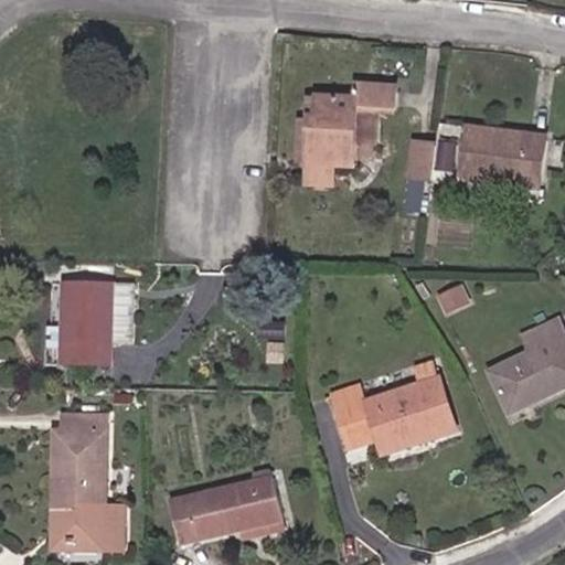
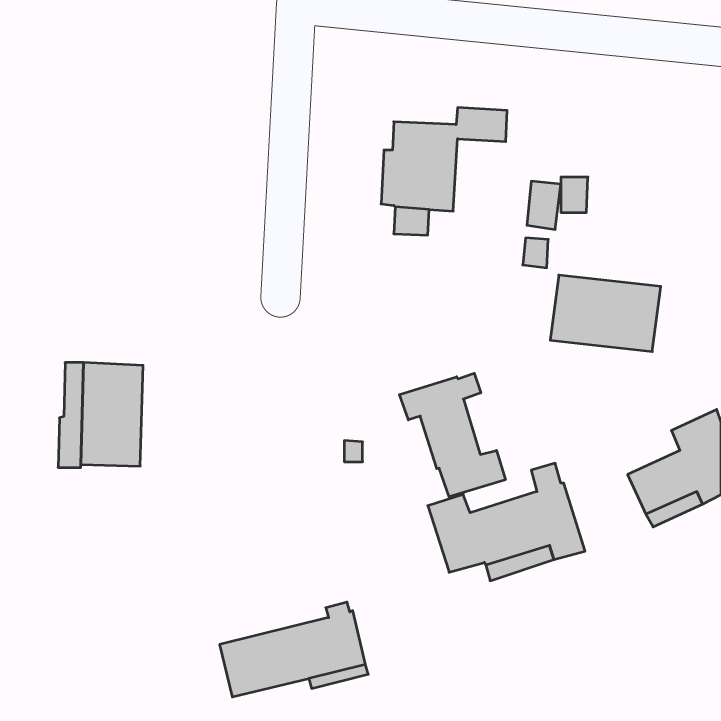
building: [459,126,545,185] -> [550,275,661,352]
building: none -> [399,373,505,497]
building: [55,414,124,548] -> none

